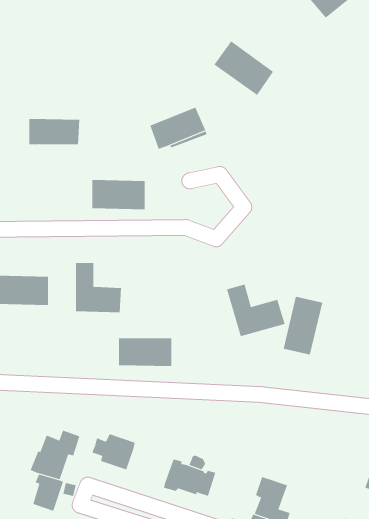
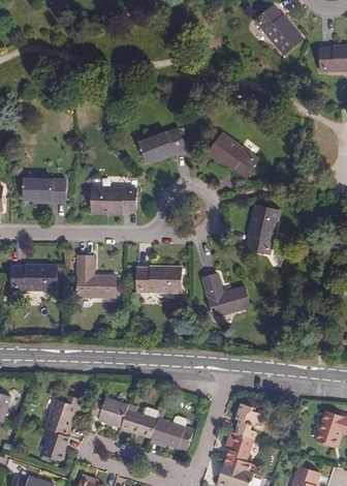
building: [213,40,274,96] -> [208,132,257,178]
building: [28,118,80,145] -> [23,178,65,200]
building: [283,296,323,355] -> [246,205,279,253]
building: [118,338,172,367] -> [136,268,181,292]
building: none -> [233,402,260,439]
building: none -> [120,408,157,436]

